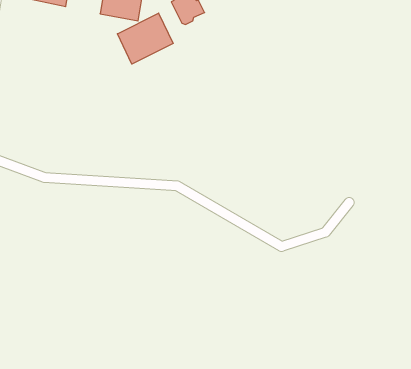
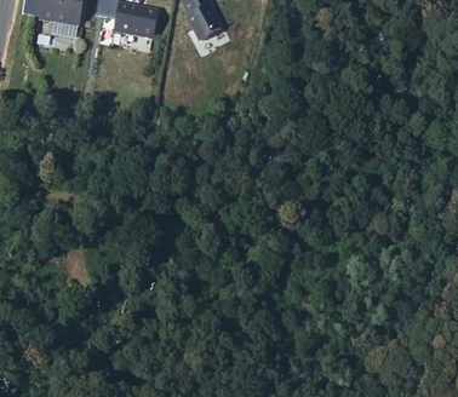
building: [117,13,173,64] -> none

